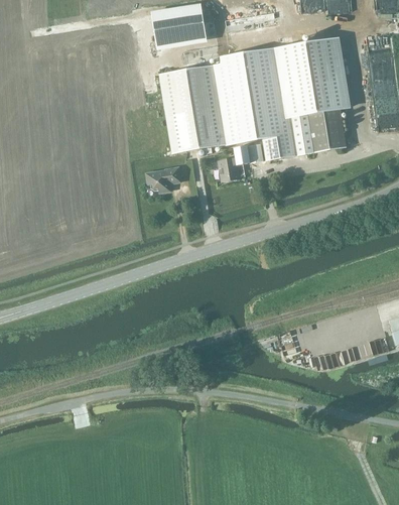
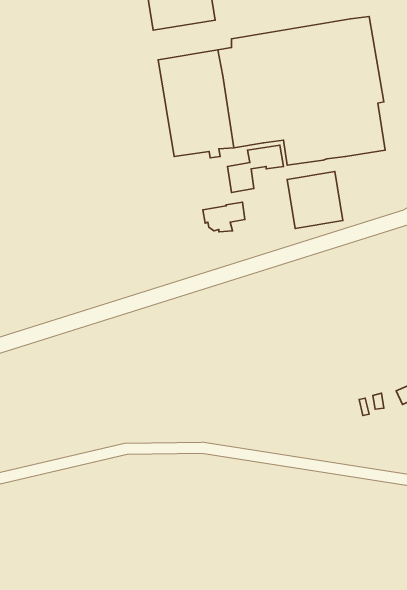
building: none -> [287,172,343,228]
building: [147,166,181,191] -> [203,202,245,232]

